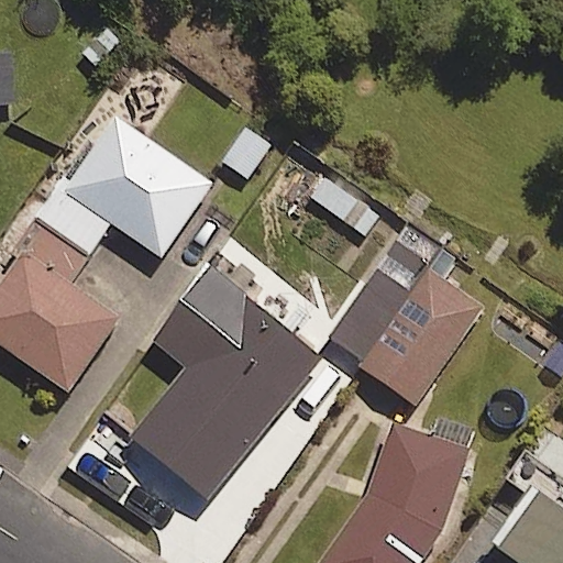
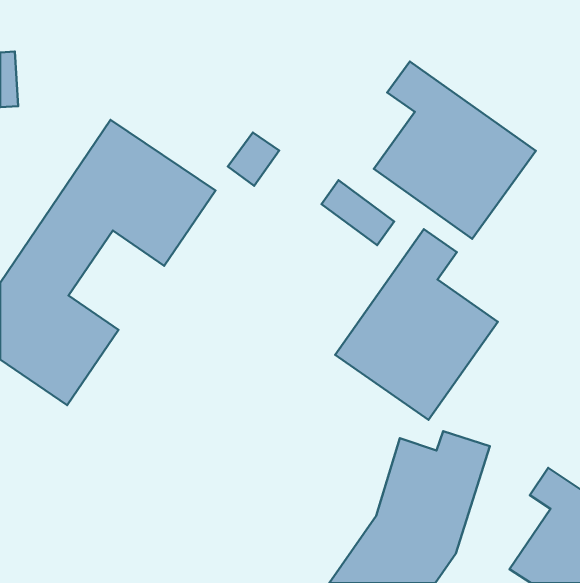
building: none -> [374,61,536,239]
building: [130,272,319,500] -> none

